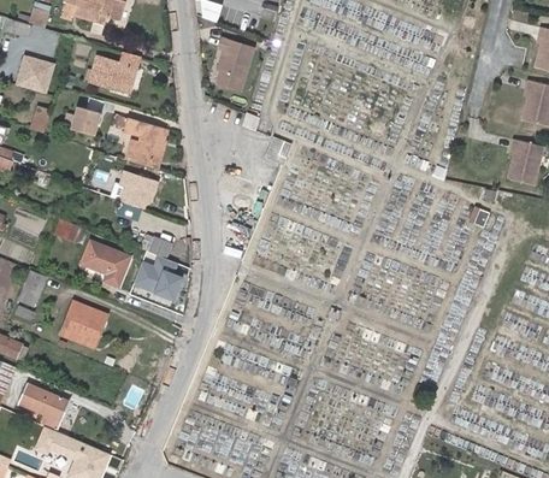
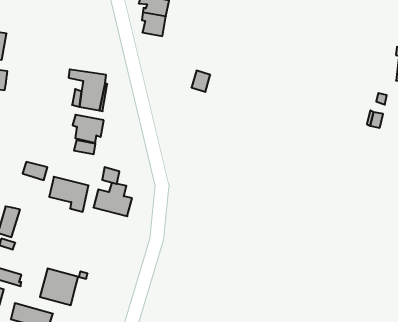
building: [89,51,140,88] -> none
building: [69,106,101,137] -> none
building: [66,303,114,350] -> [40,268,78,305]

